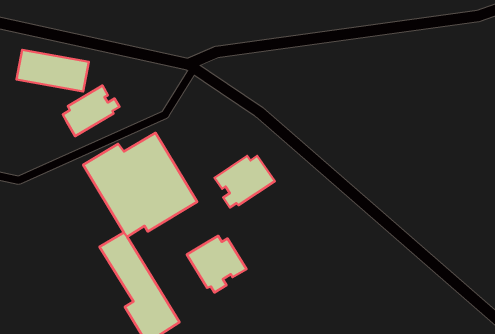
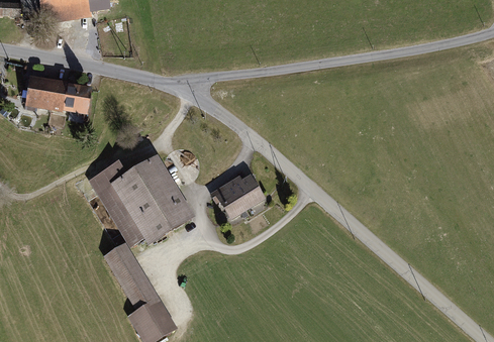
building: [63,86,120,136] -> none
building: [187,236,246,293] -> none

